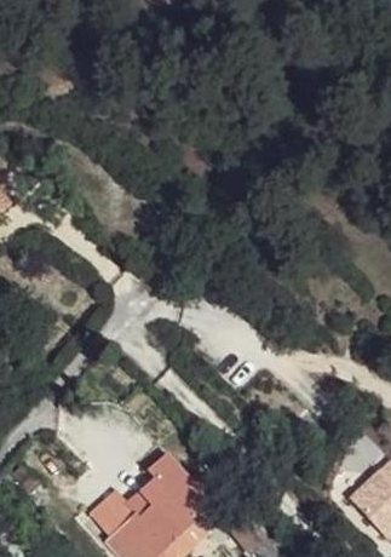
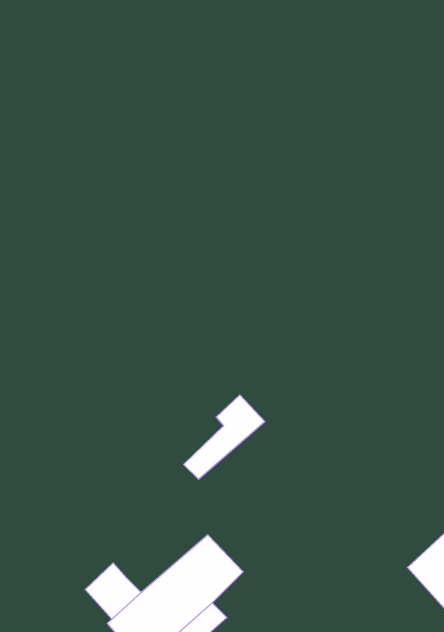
building: [120,448,186,517] -> [184,395,265,479]

